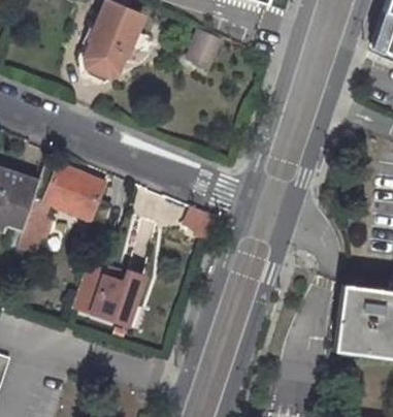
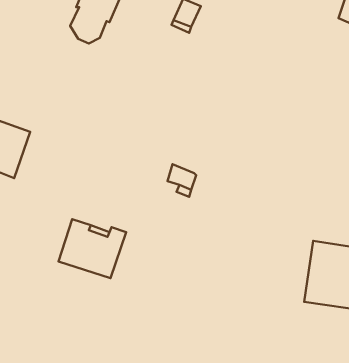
building: [17,158,110,256] -> none

